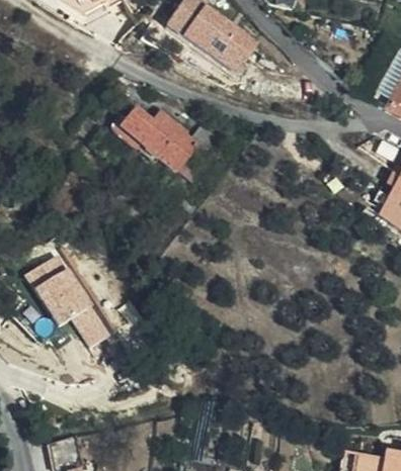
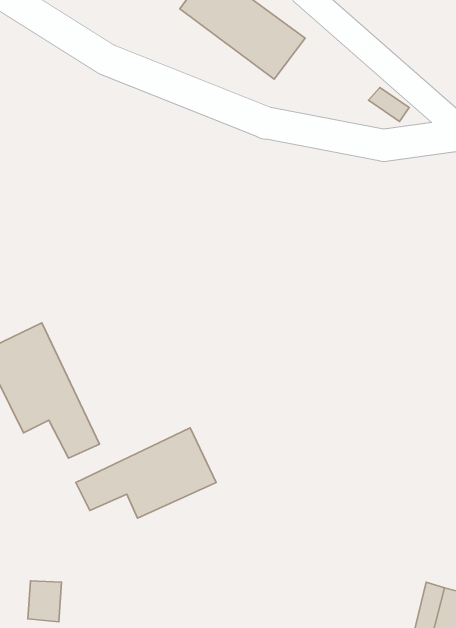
building: [117,109,204,180] -> none
building: none -> [76,428,216,518]

